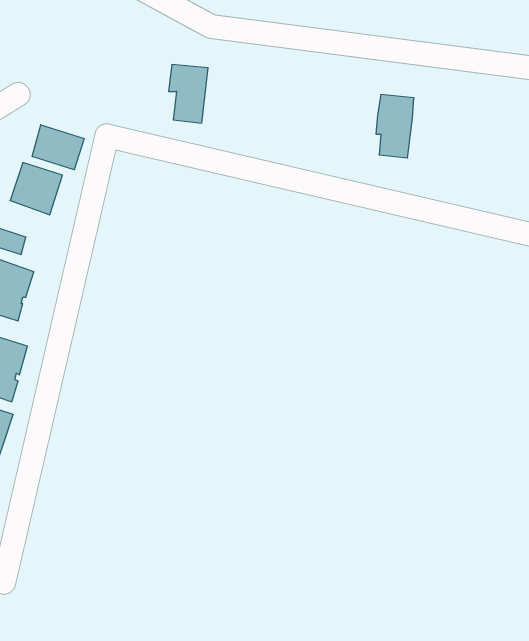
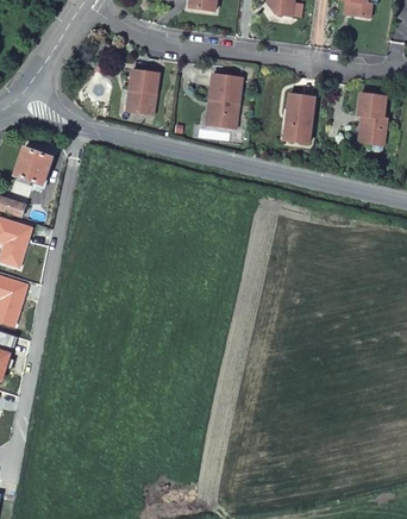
building: none -> [211,76,243,130]
building: none -> [358,94,387,151]
building: [32,125,84,170] -> none

